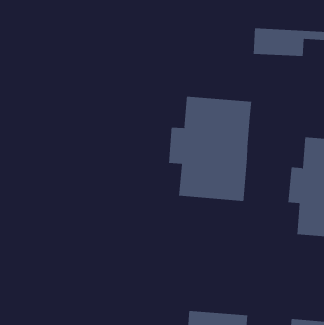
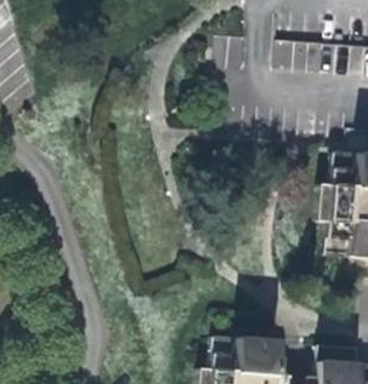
building: [169,96,252,202] -> none

